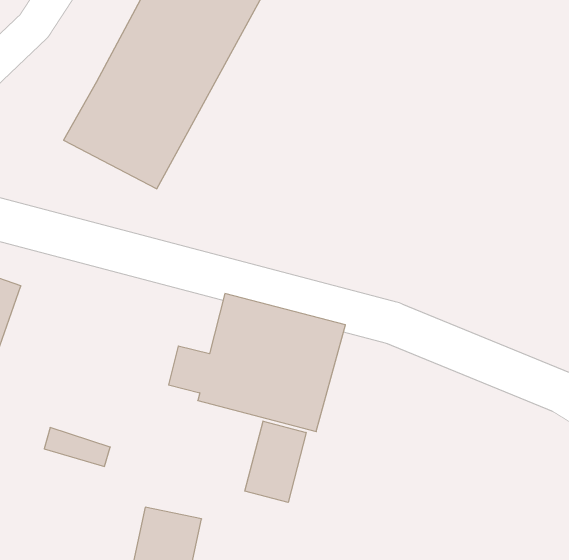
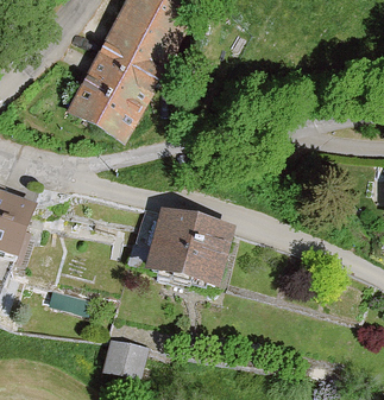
building: [245,421,306,502] -> none

